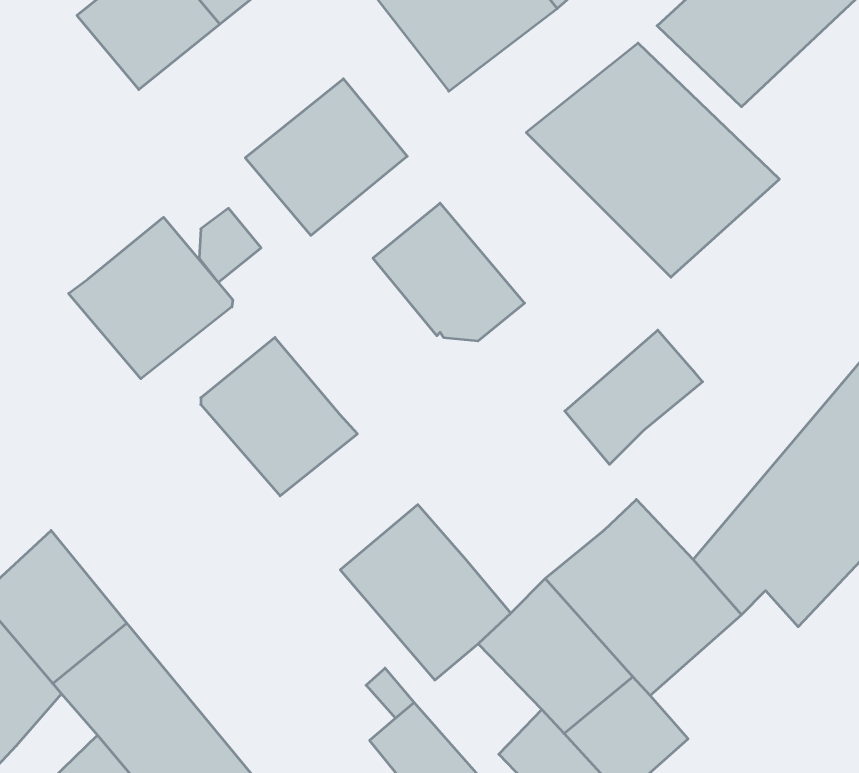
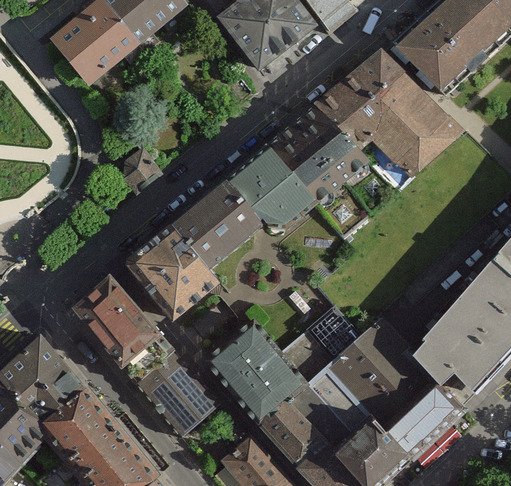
building: [245,79,407,235] -> [169,178,263,269]
building: none -> [265,105,369,204]
building: [69,217,233,379] -> none
building: [565,330,703,464] -> [280,306,360,384]
building: none -> [73,275,219,436]
building: none -> [387,385,461,457]
building: none -> [262,402,324,466]

